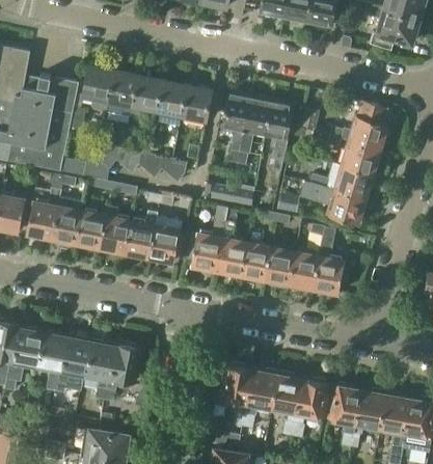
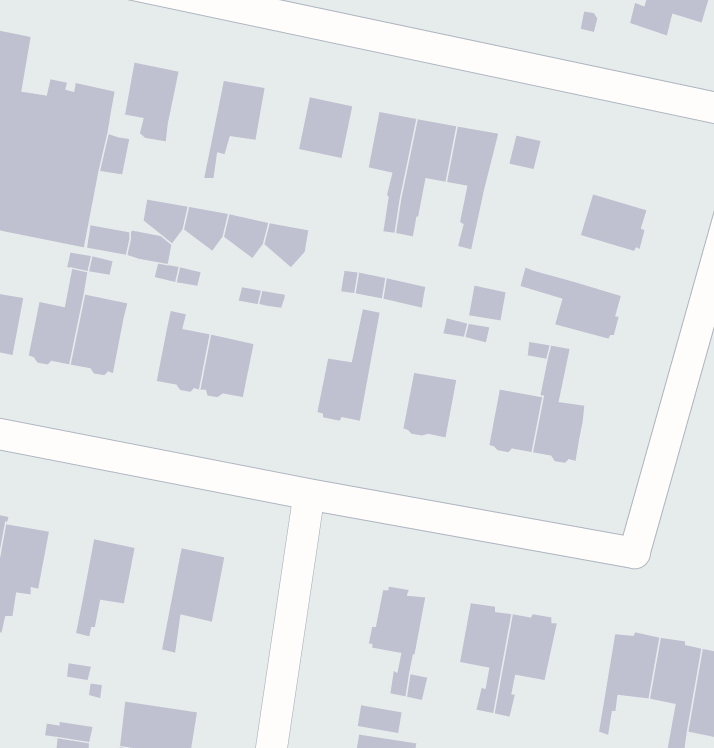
building: [107,71,139,116] -> none
building: [155,80,188,127] -> none
building: [327,101,389,149] -> none
building: [310,162,375,198] -> none
building: [217,208,247,275] -> none
building: [77,211,107,247] -> none
building: [151,212,181,263] -> none
building: [266,246,296,284] -> none
building: [34,332,65,390] -> none
building: [83,342,114,400] -> none
building: [248,370,279,407] -> none
building: [331,384,361,446] -> none

